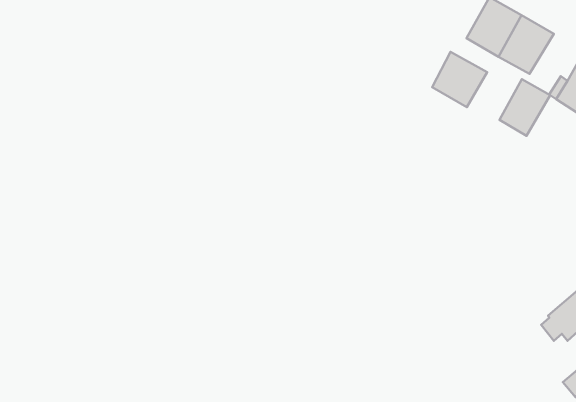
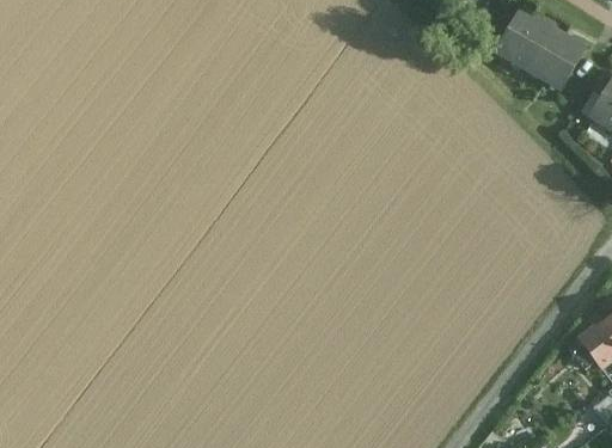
building: [432,52,487,107] -> none
building: [500,79,550,136] -> none

